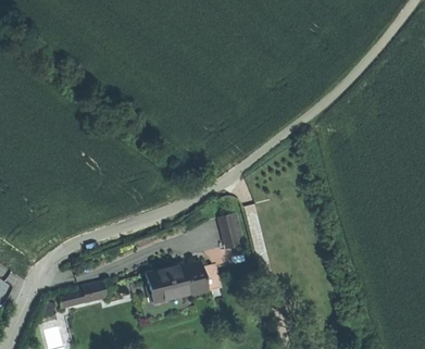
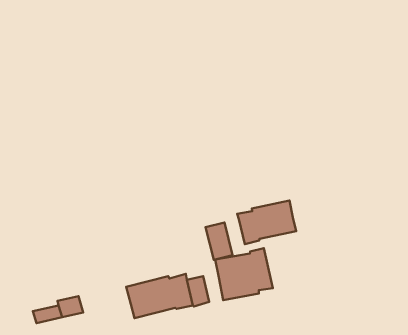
building: none -> [237,200,296,244]
building: none -> [215,248,273,300]

